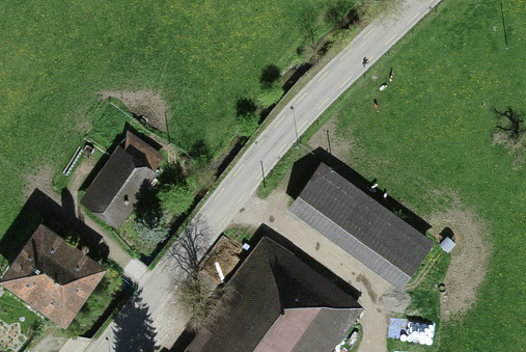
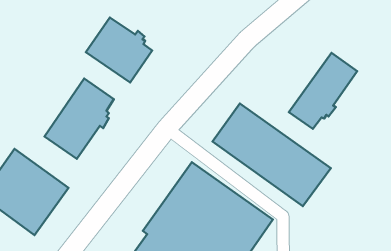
building: none -> [86,17,152,83]
building: none -> [289,53,357,129]

